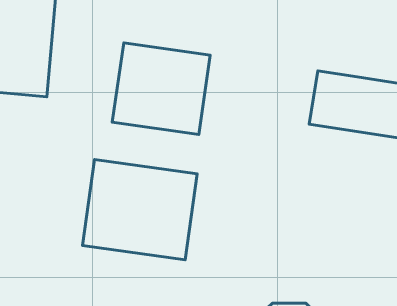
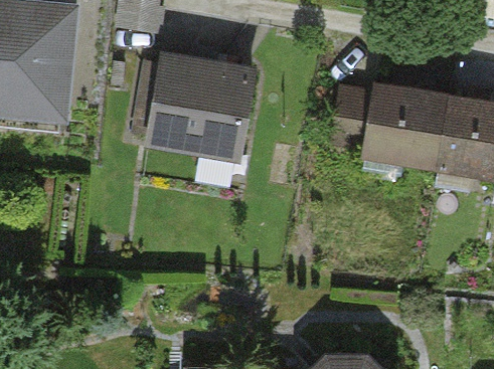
building: [82,159,197,260] -> none

